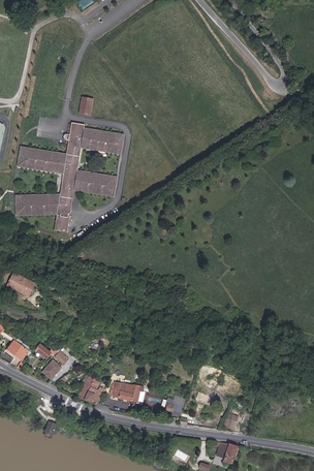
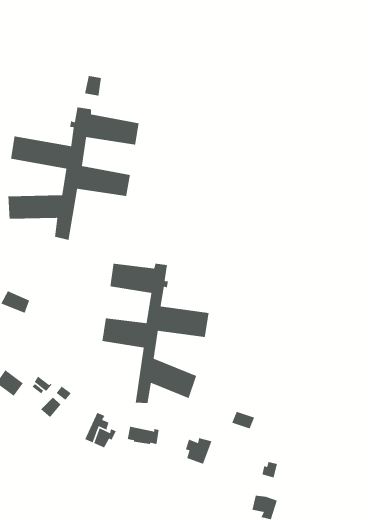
building: none -> [102,263,209,404]

